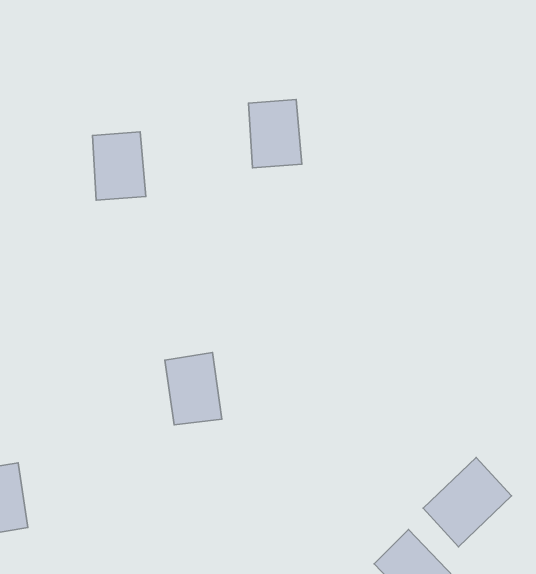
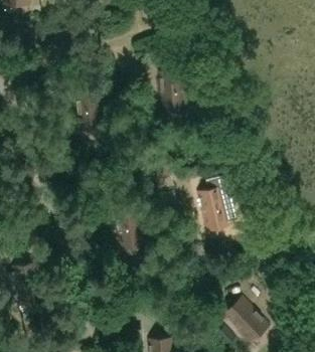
building: none -> [195,177,234,228]
building: [423,457,512,547] -> none

